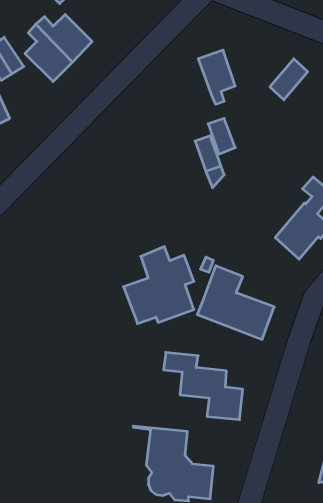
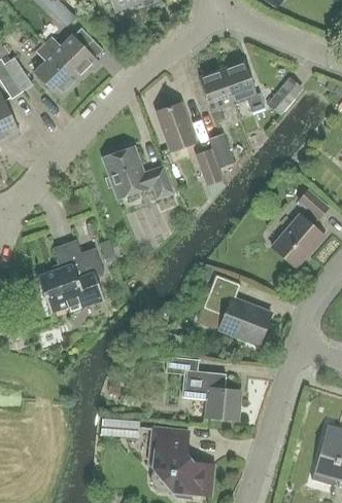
building: none -> [223,61,260,108]
building: none -> [157,101,196,150]
building: none -> [103,145,172,196]
building: [123,247,194,324] -> [37,238,104,311]

